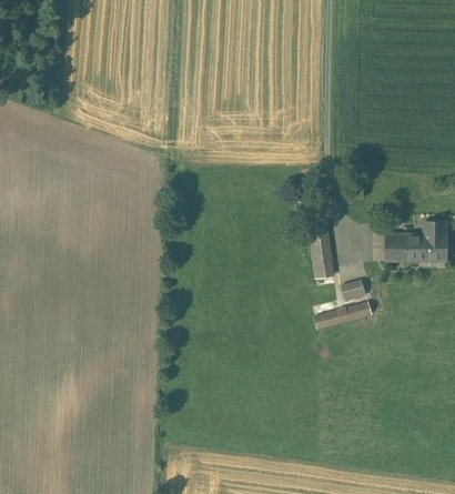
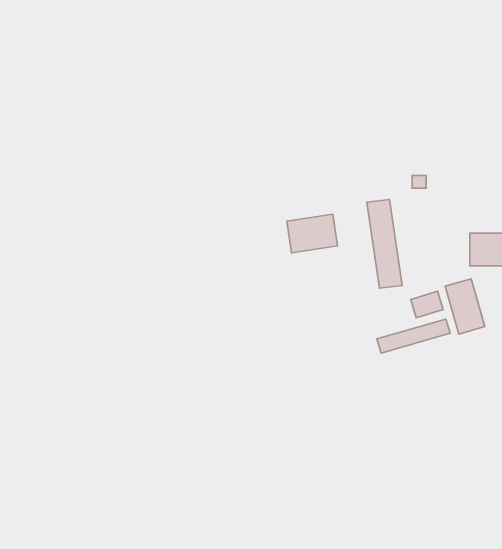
building: none -> [287,214,337,253]
building: none -> [445,279,485,334]

